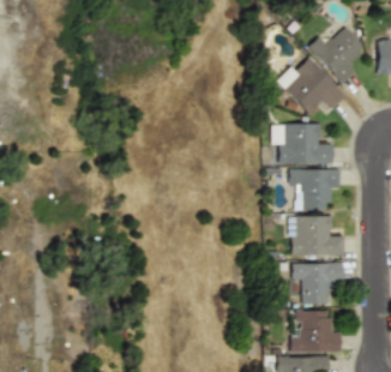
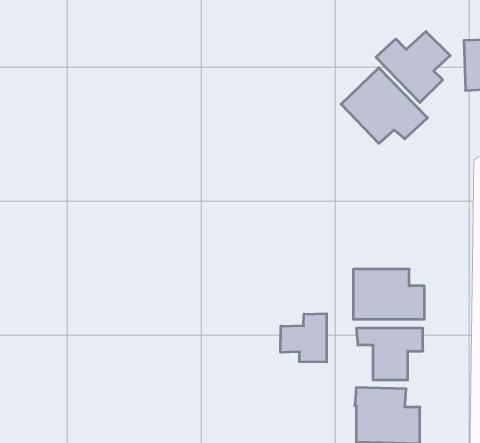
building: [273,124,333,164] -> none
building: [289,169,341,210] -> none
building: none -> [281,314,327,362]

